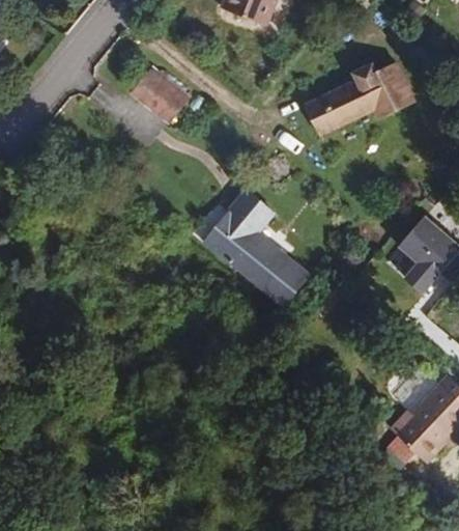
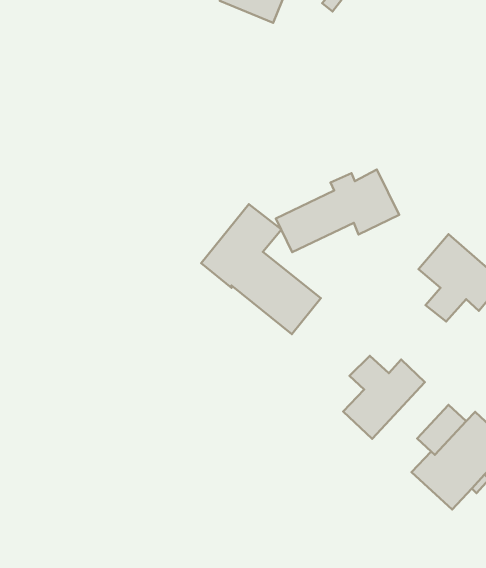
building: [304,61,413,135] -> [276,170,399,252]
building: [132,67,188,121] -> none
building: none -> [343,356,425,439]

